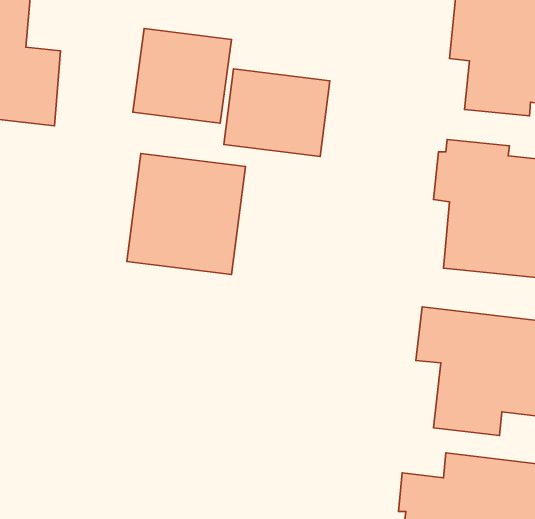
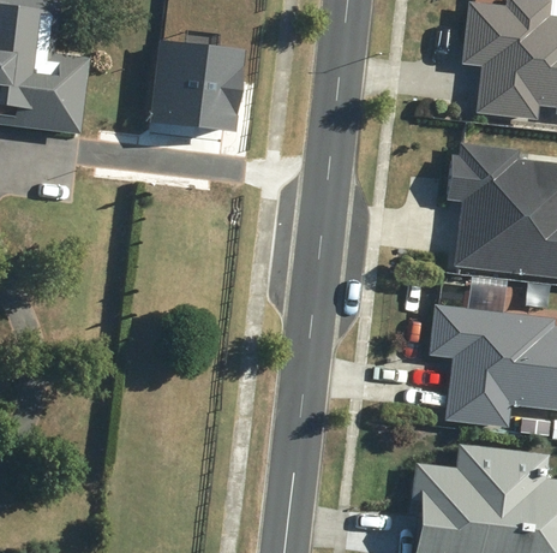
building: [224,69,330,157] -> none
building: [127,154,245,274] -> none

